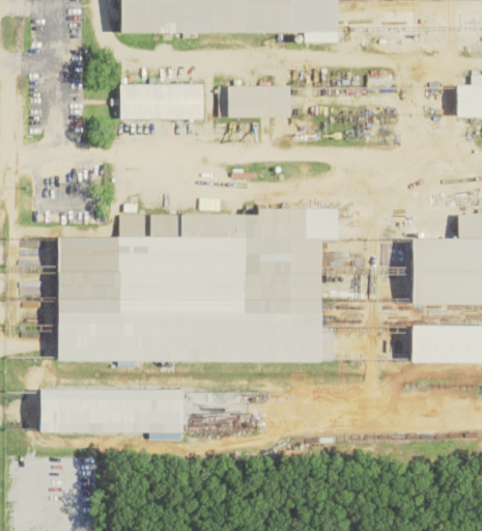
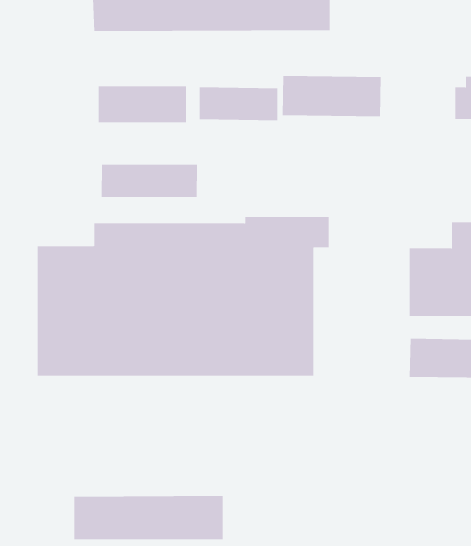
building: none -> [282,75,381,117]
building: none -> [101,164,198,198]
building: [41,390,185,432] -> [74,495,224,540]

